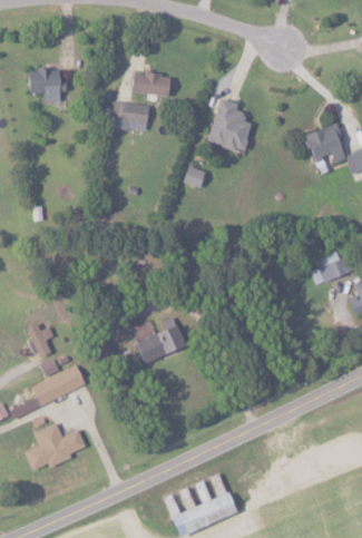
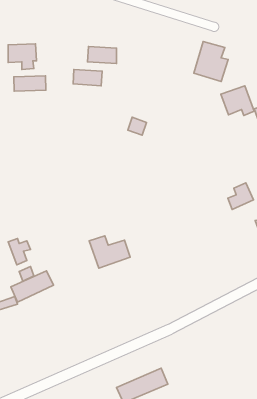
building: [207,100,252,153] -> [194,42,228,82]
building: none -> [14,76,46,91]
building: [23,423,87,472] -> none

